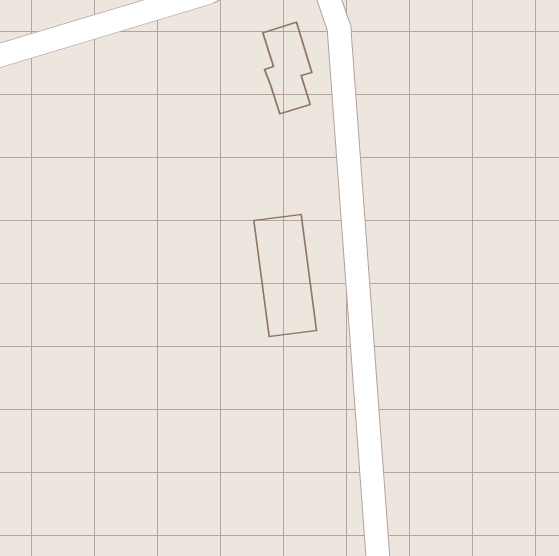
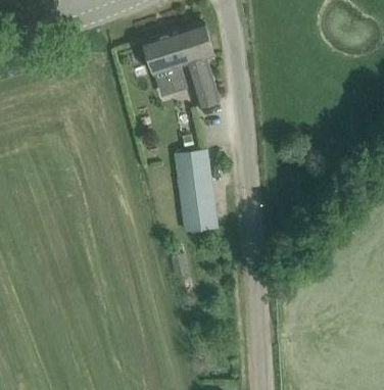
building: none -> [145,29,188,93]
building: none -> [192,77,220,106]

